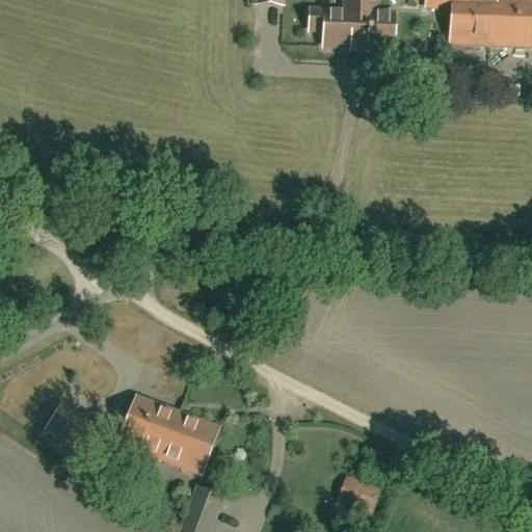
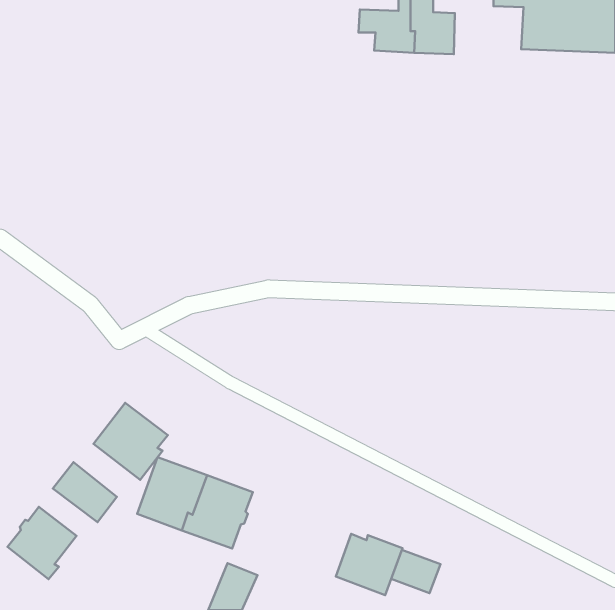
building: none -> [93,403,168,480]
building: none -> [7,507,76,579]
building: none -> [336,534,403,595]

